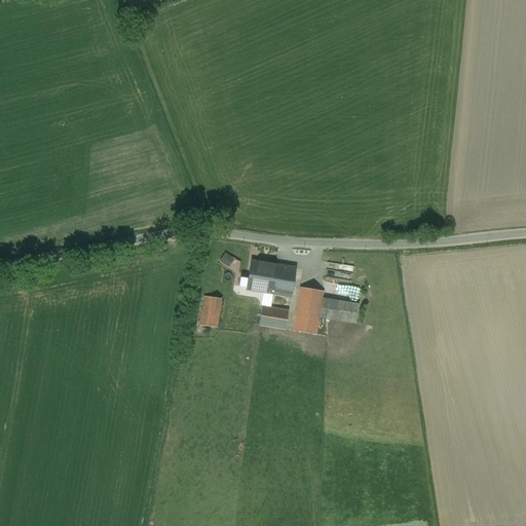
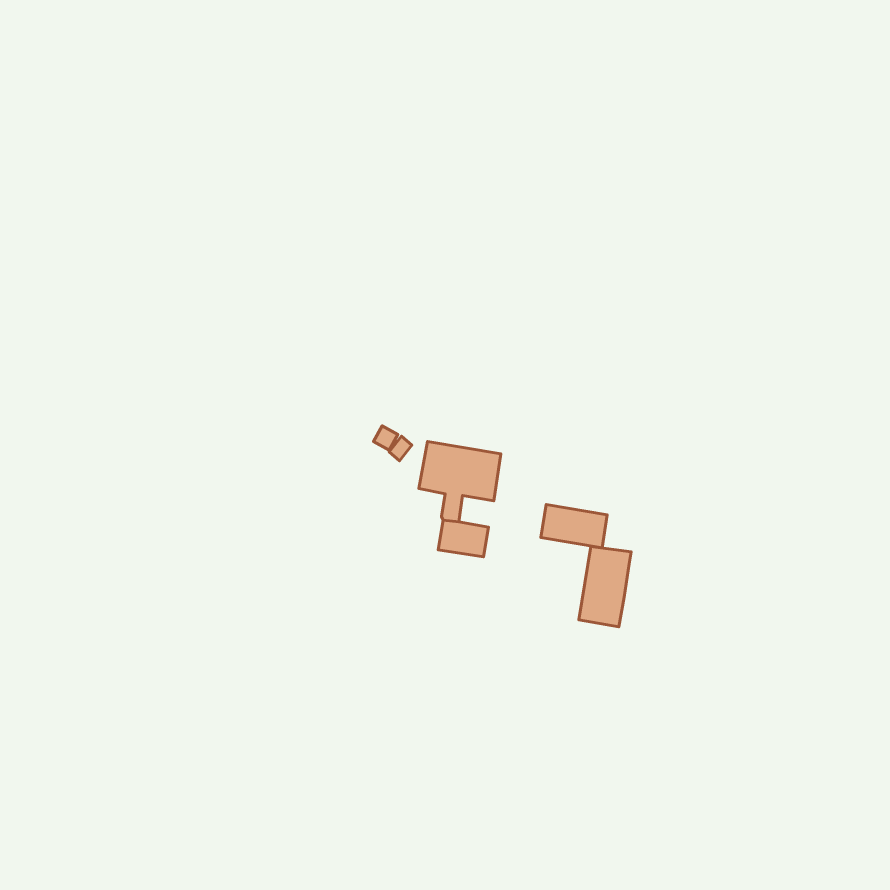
building: [293,287,324,334] -> [579,547,631,627]
building: [200,296,221,327] -> none

